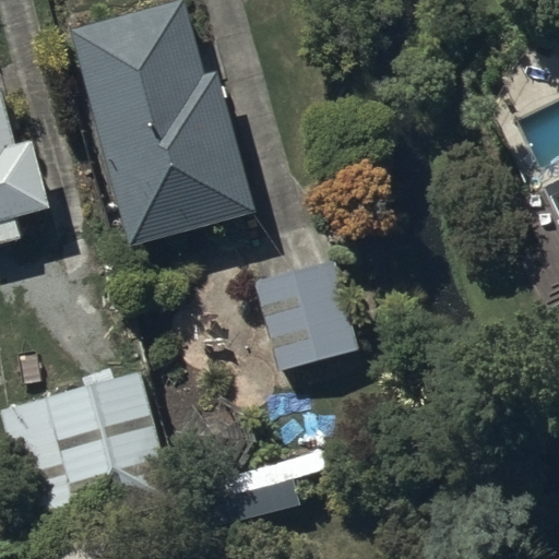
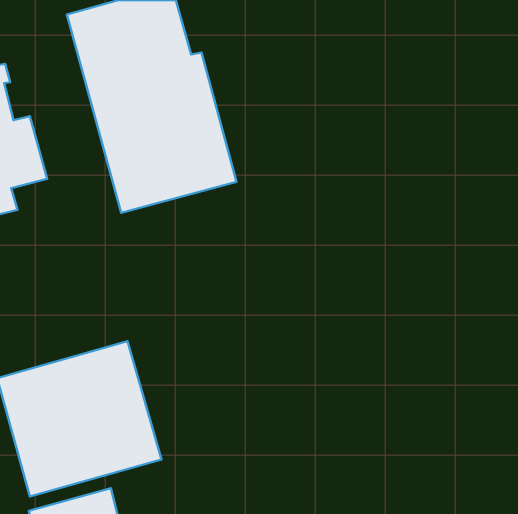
building: [248,259,355,379] -> none

